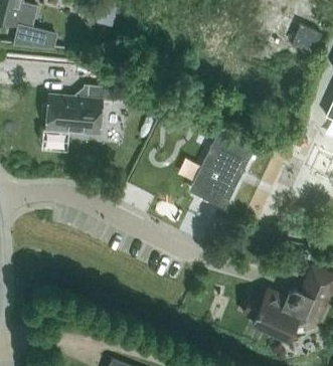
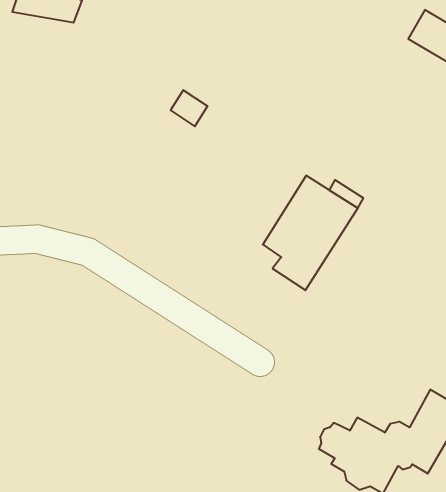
building: [41,85,119,134] -> none

